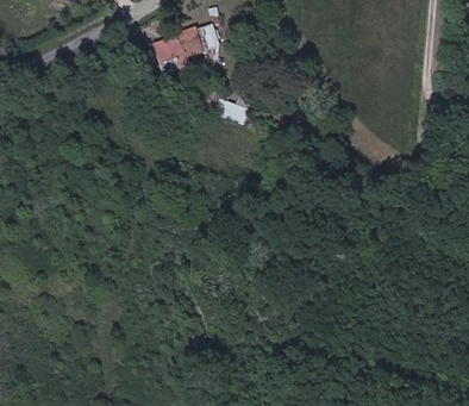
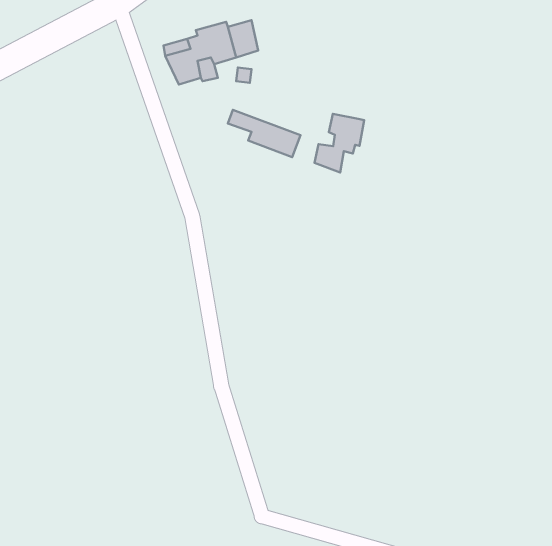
building: none -> [314,114,364,172]

